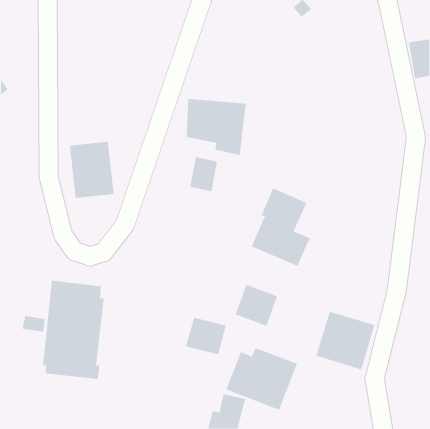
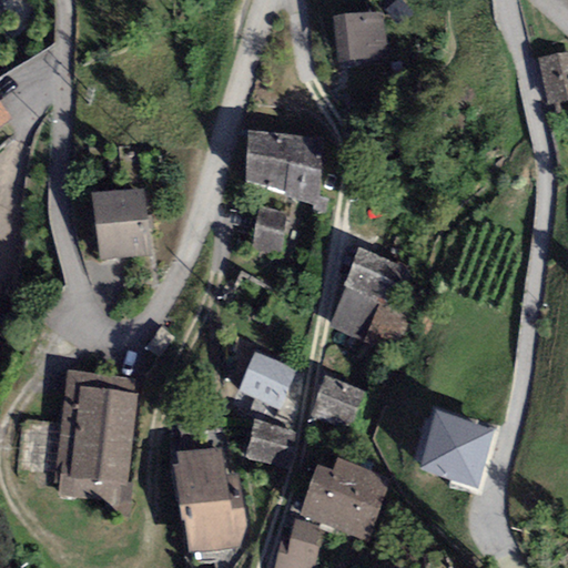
building: none -> [333,11,388,63]
building: none -> [236,352,297,410]
building: none -> [173,446,247,554]

